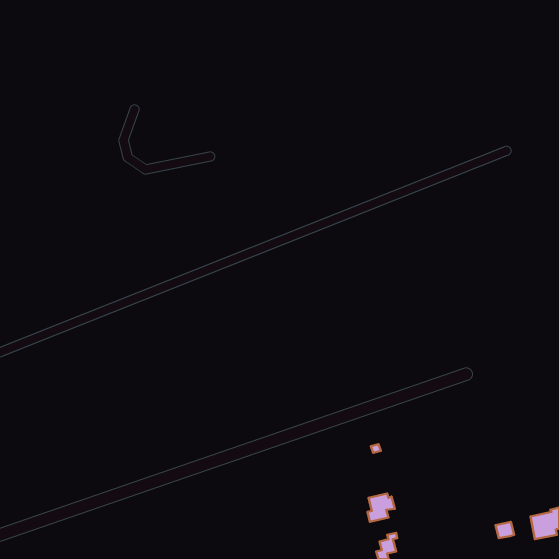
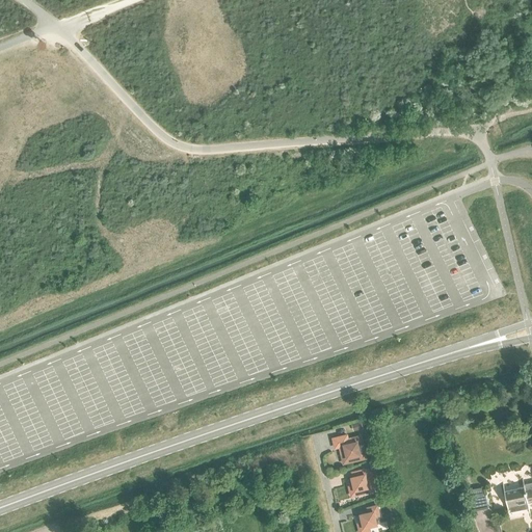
building: none -> [334,434,365,463]

